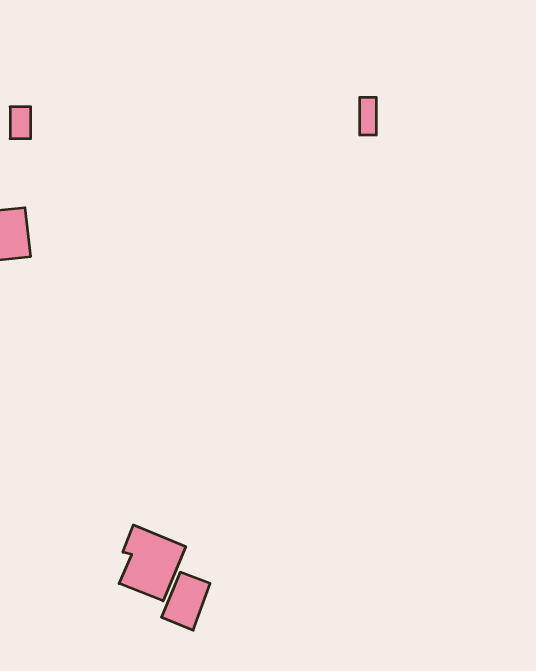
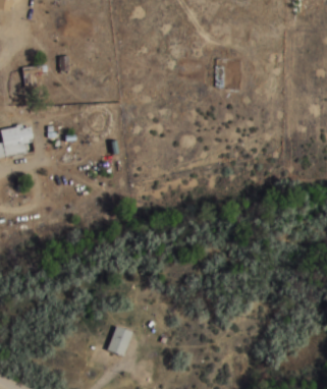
building: [119,525,186,601] -> none

